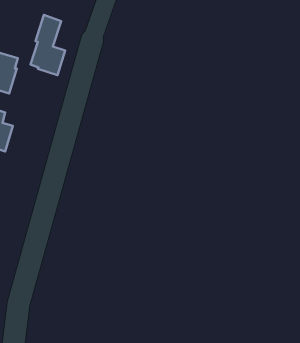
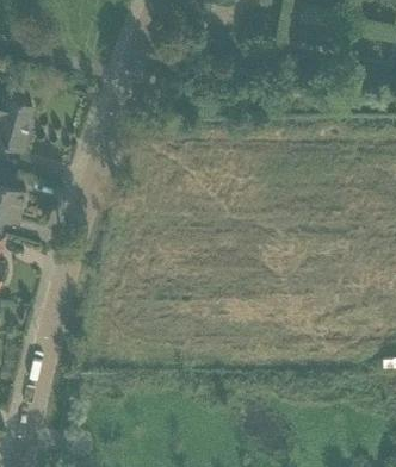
building: [30,15,65,75] -> none

